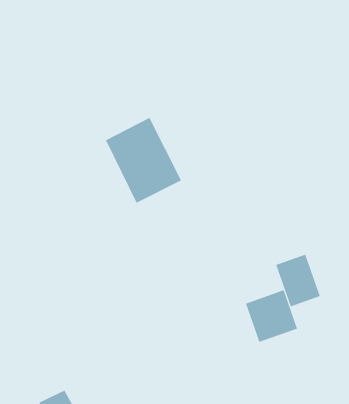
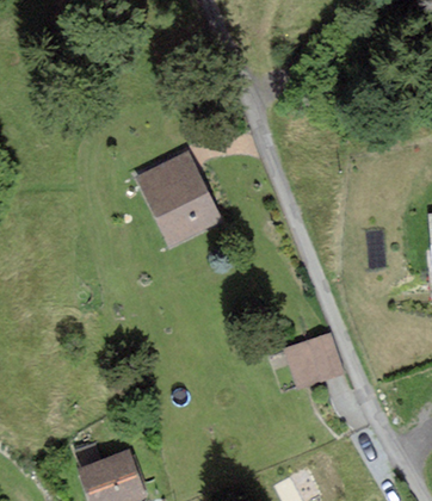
building: [276,254,321,307] -> none

